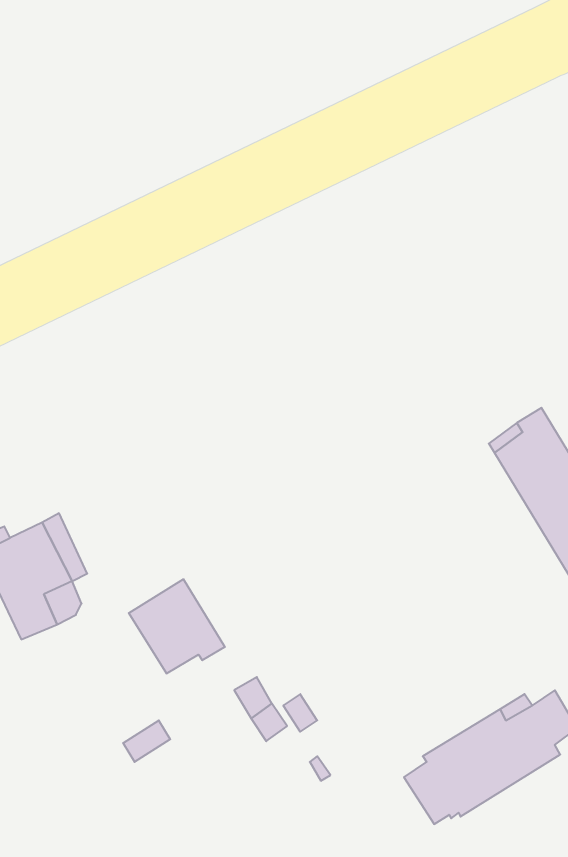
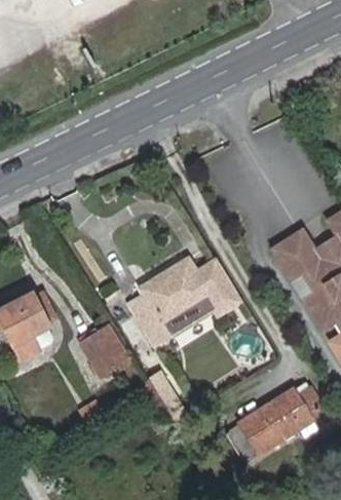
building: none -> [128,257,240,346]

